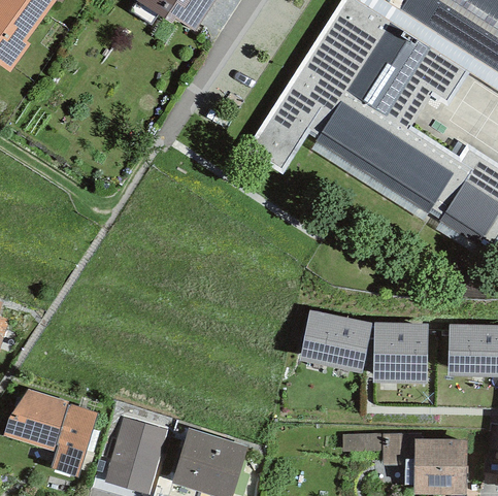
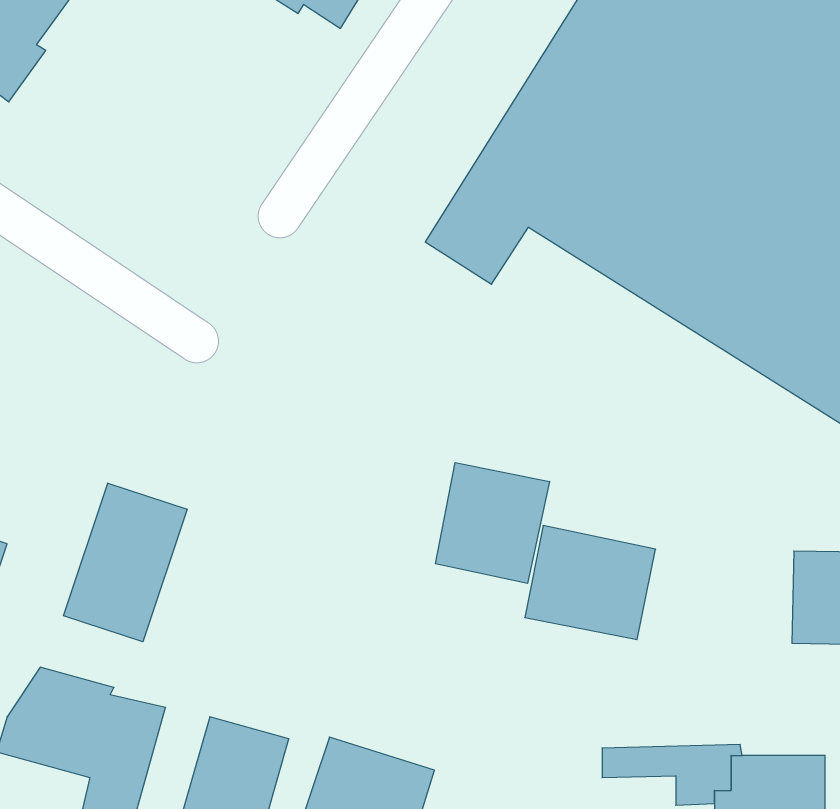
building: none -> [435,463,550,583]
building: none -> [63,483,187,642]
building: [372,321,428,381] -> none

